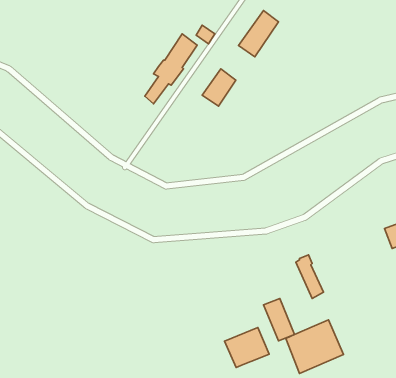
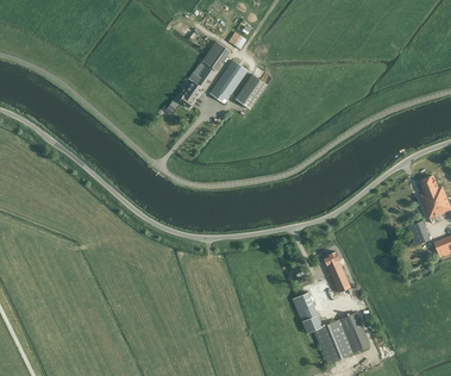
building: [239,11,279,57] -> [209,58,248,102]
building: [225,327,269,367] -> none

